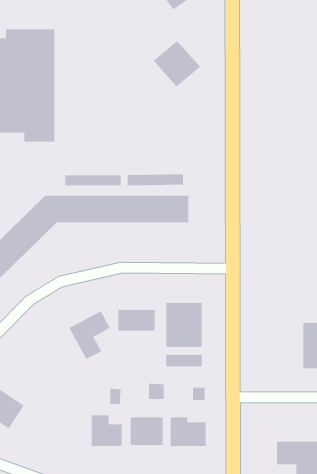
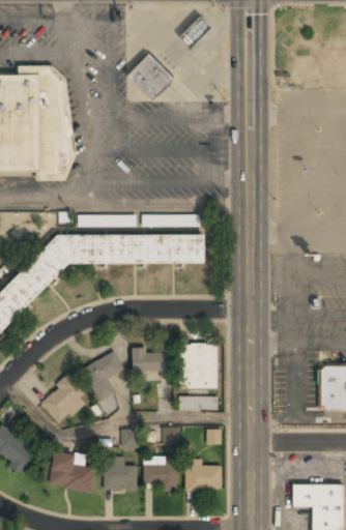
building: [153,40,201,87] -> [125,54,174,101]
building: none -> [40,377,89,424]
building: none -> [50,452,94,492]

